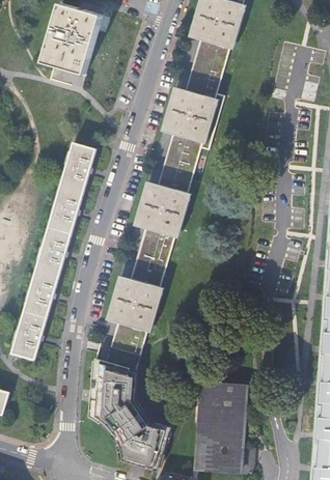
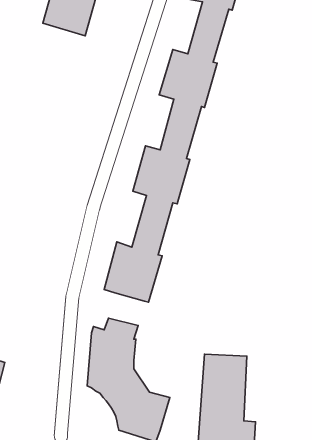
building: [12,143,95,359] -> none
building: [110,323,145,352] -> none

